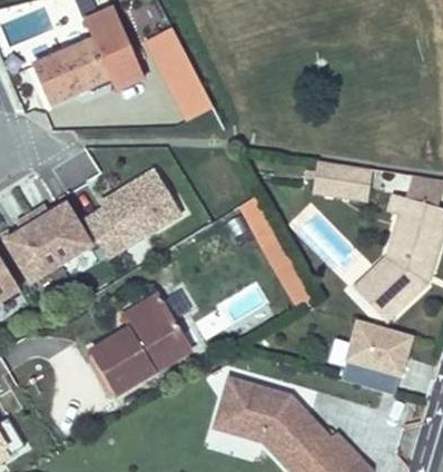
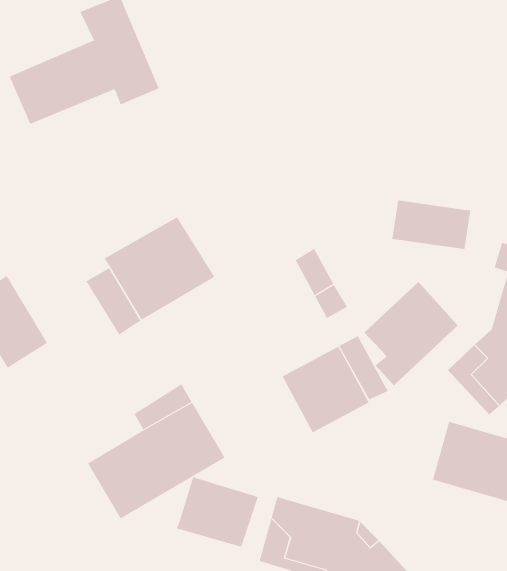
building: [151,28,216,117] -> none
building: [29,205,90,265] -> none
building: none -> [363,281,458,386]
building: none -> [282,346,369,433]
building: none -> [176,477,259,548]

